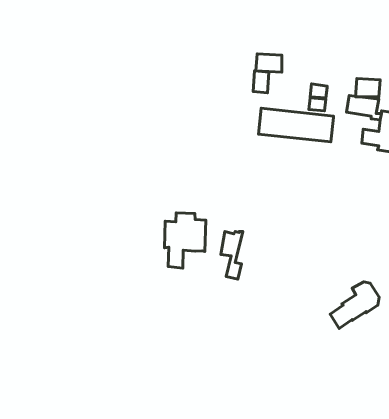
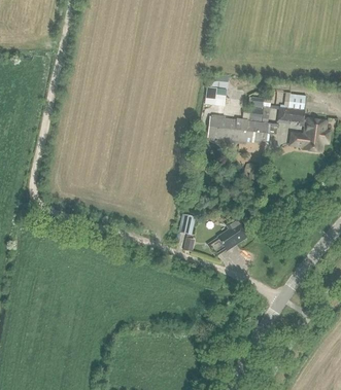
building: [165,213,206,268] -> none
building: [330,282,379,328] -> [208,219,247,256]

